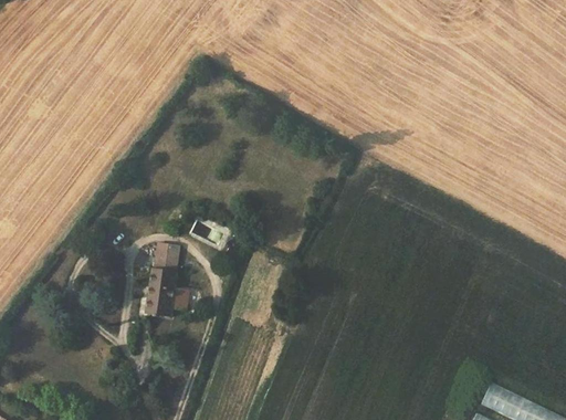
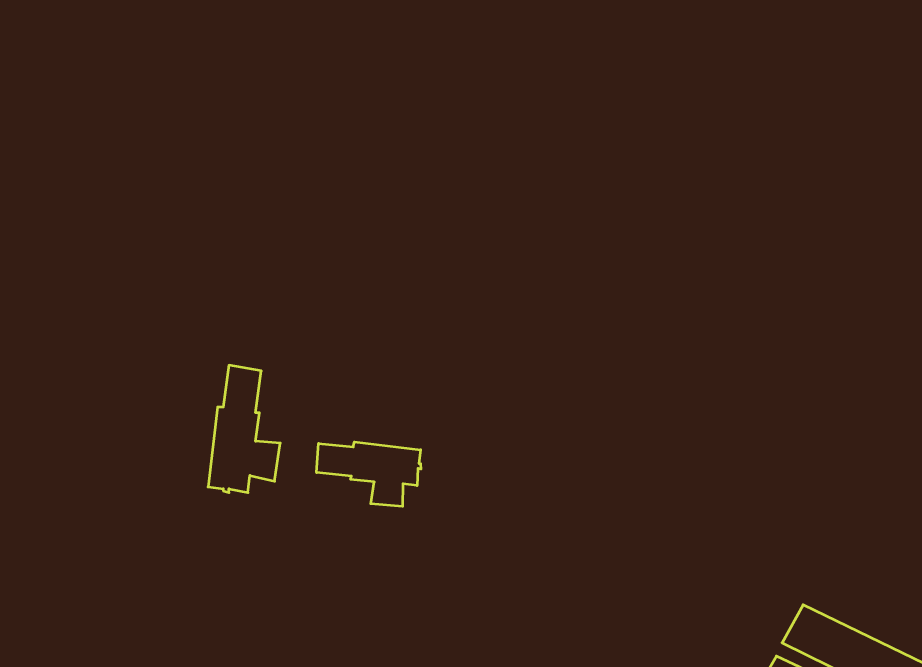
building: none -> [317,442,421,506]

